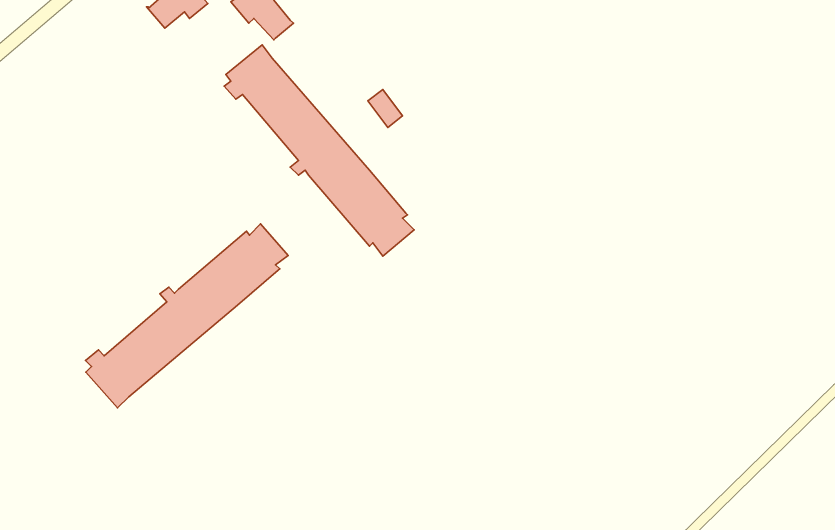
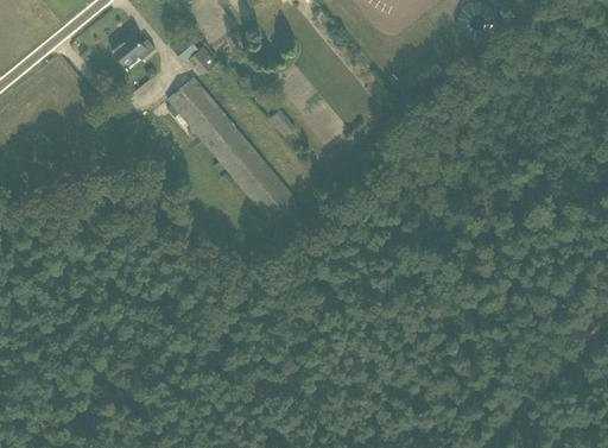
building: [86,224,288,408] -> none

